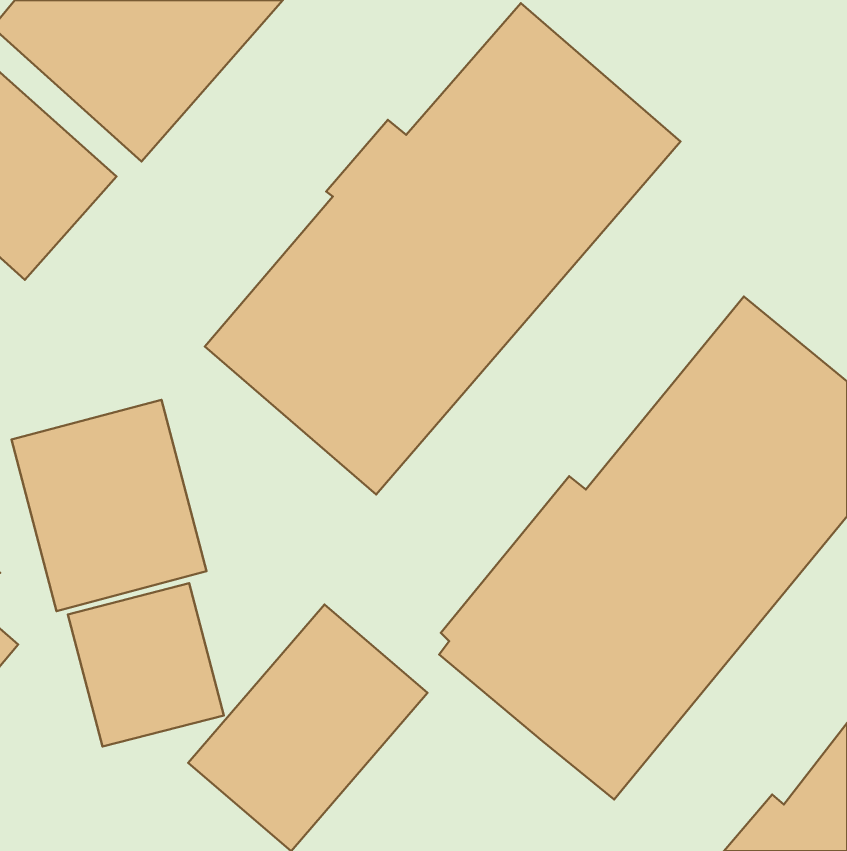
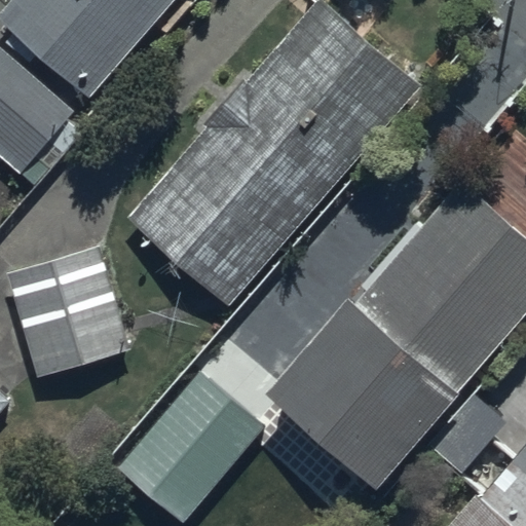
building: [68,583,224,747] -> none

